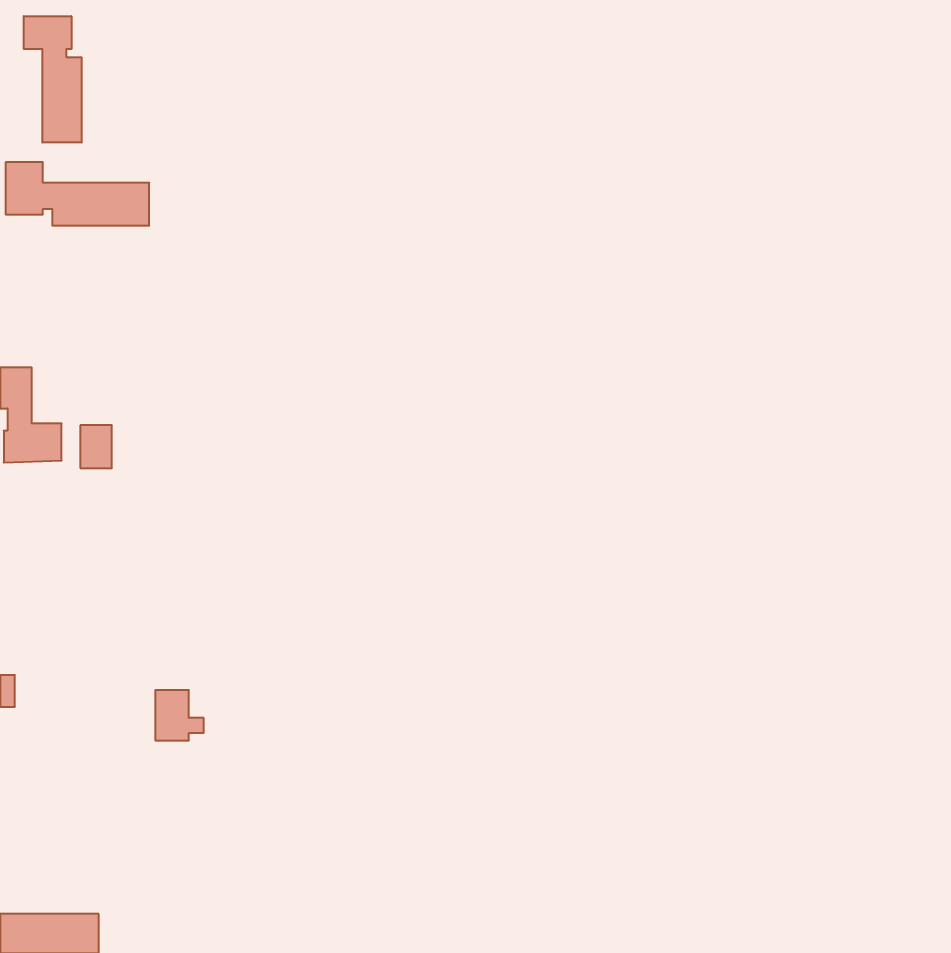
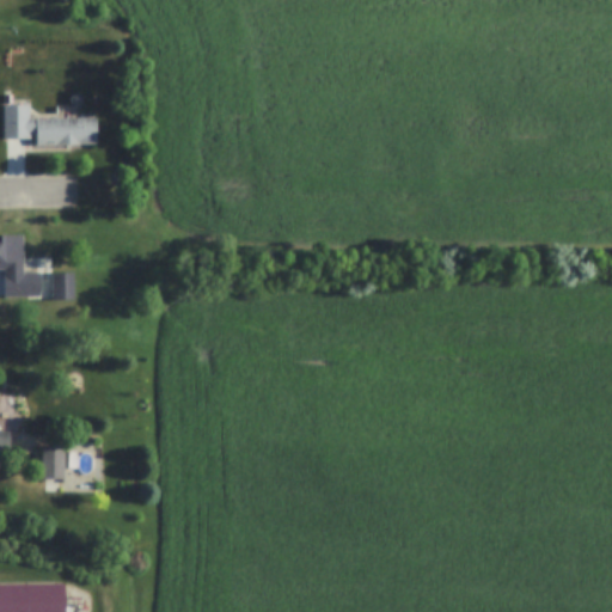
building: [24,16,82,143] -> none
building: [155,690,204,740] -> [43,446,74,478]

